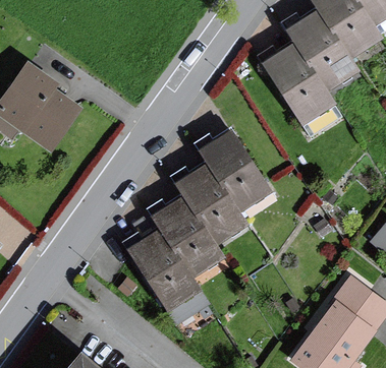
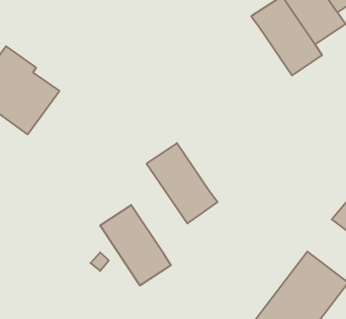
building: [262,41,336,125] -> none
building: [200,130,274,213] -> none
building: [153,196,227,280] -> none

